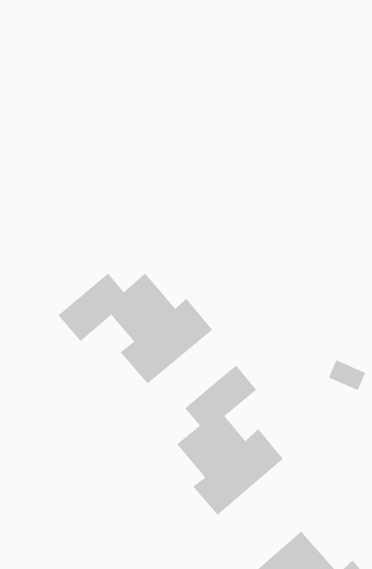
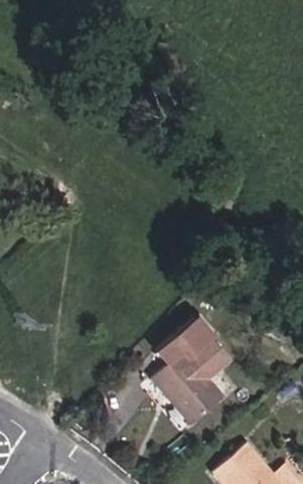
building: [58,272,213,384] -> none

